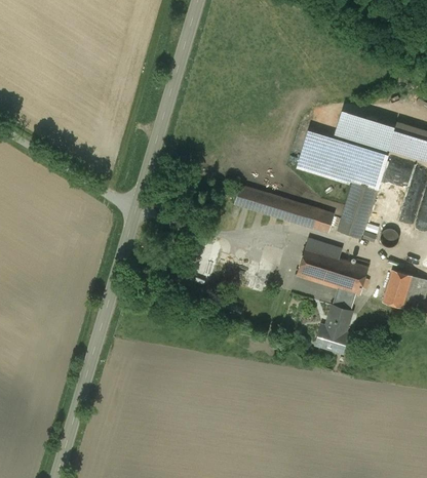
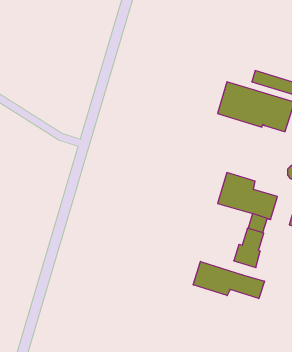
building: [337,182,376,237] -> none
building: [234,185,334,232] -> none
building: none -> [193,261,264,299]

